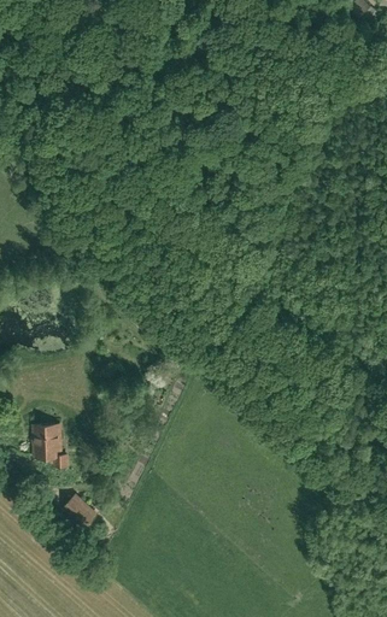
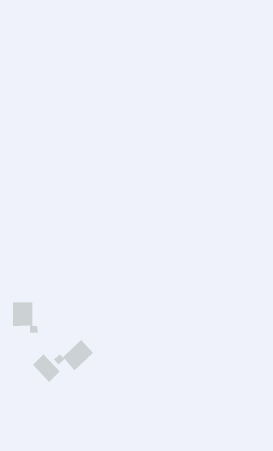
building: none -> [53,339,94,371]

